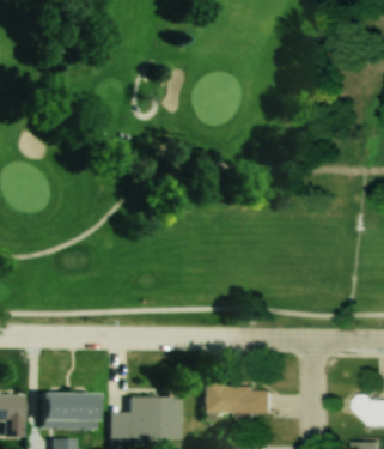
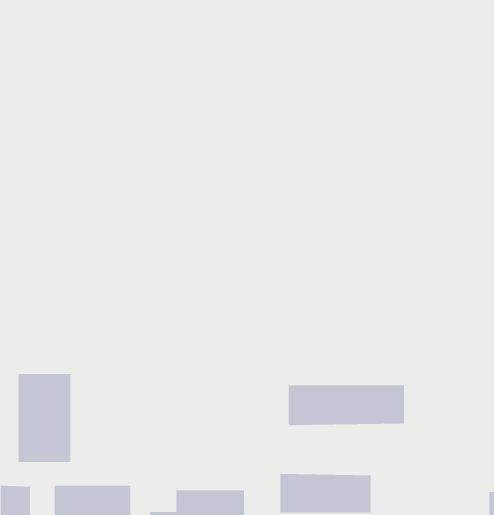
building: none -> [18,373,71,463]
building: none -> [288,385,405,426]

